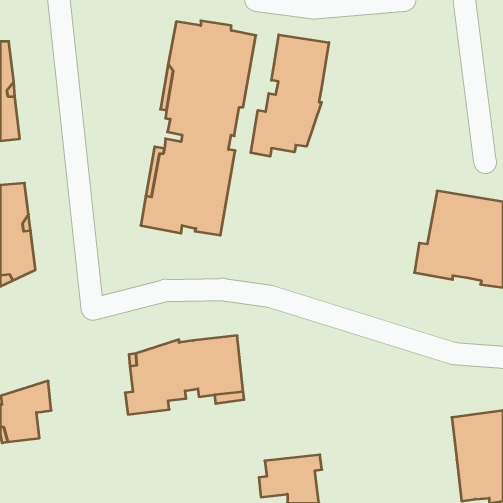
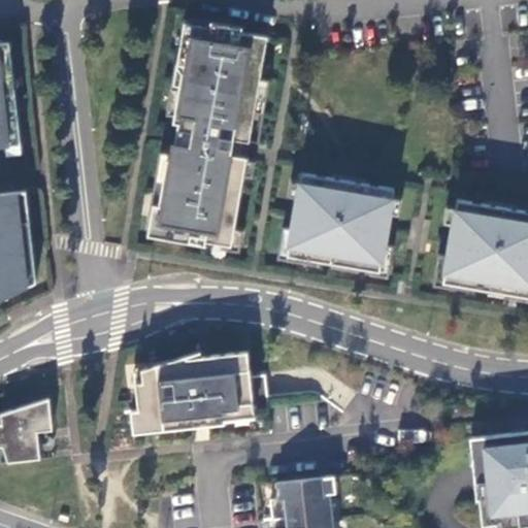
building: [251,35,329,156] -> none
building: none -> [278,173,394,278]

